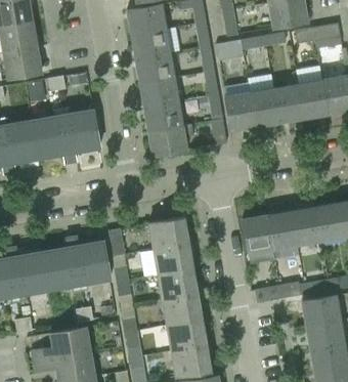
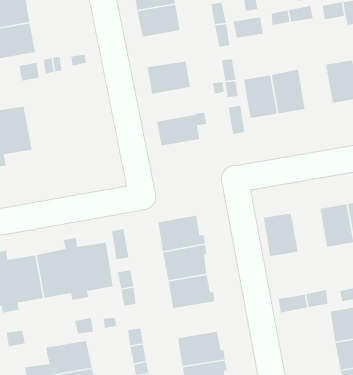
building: [136,53,175,85] -> none
building: [274,83,304,123] -> none
building: [144,103,183,133] -> none
building: [32,108,100,163] -> none
building: [268,210,299,249] -> none
building: [163,293,203,325] -> none

